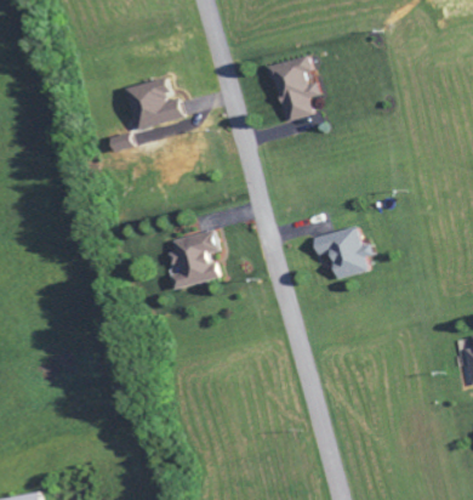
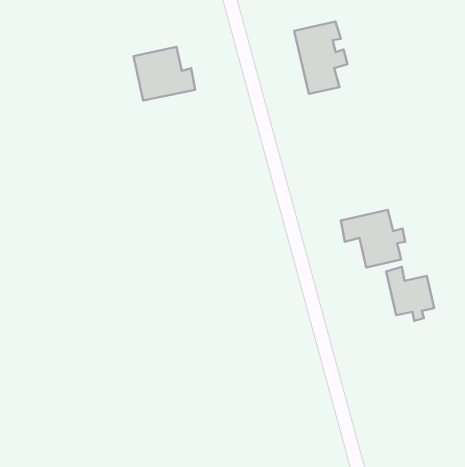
building: [167,231,218,289] -> none
building: none -> [386,267,434,321]

